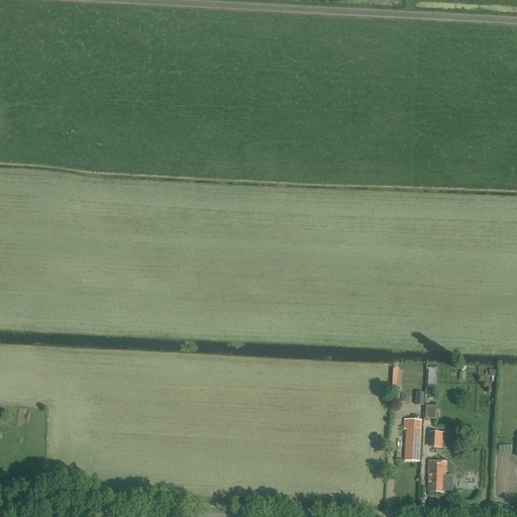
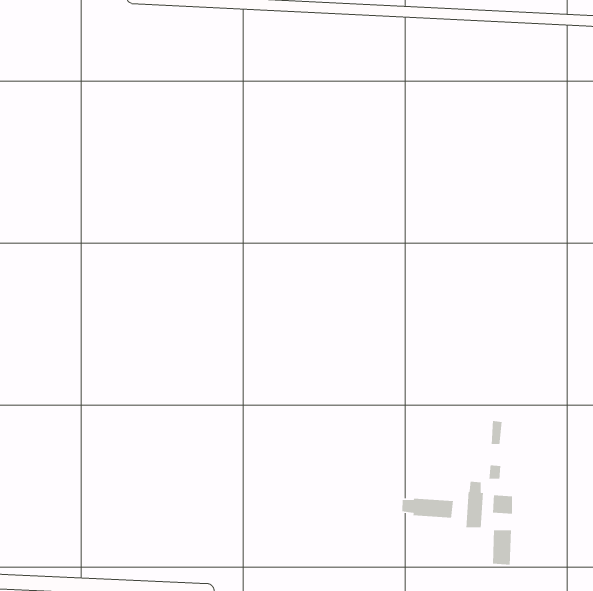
building: none -> [401,498,454,518]

